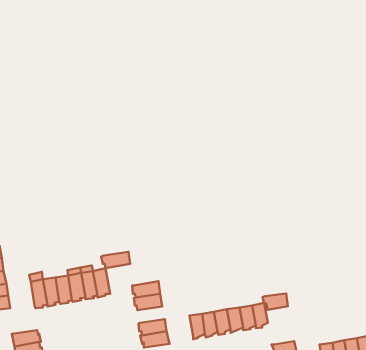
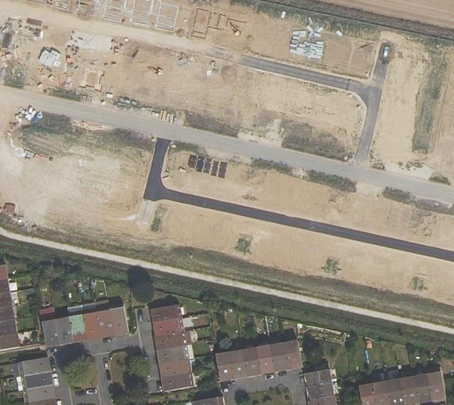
building: [101,252,130,268] -> [149,304,181,322]
building: [262,294,288,310] -> [302,369,330,387]
building: none -> [156,345,188,363]
building: none -> [18,357,49,375]

